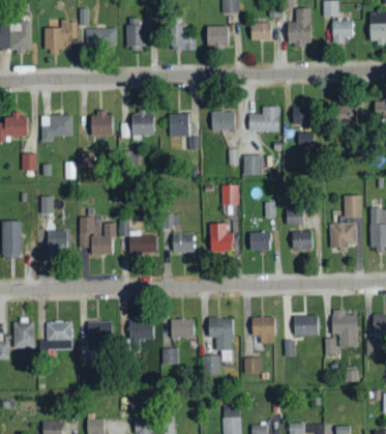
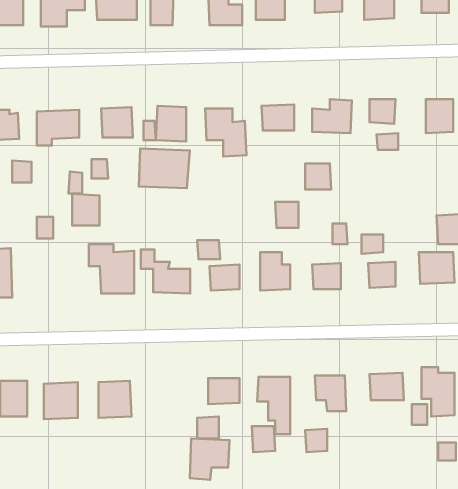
building: none -> [139,148,190,188]
building: [48,229,68,253] -> [72,194,100,225]
building: [124,317,154,348] -> [190,439,229,480]

